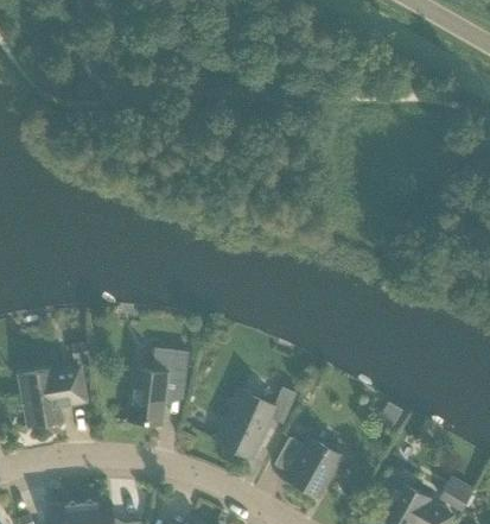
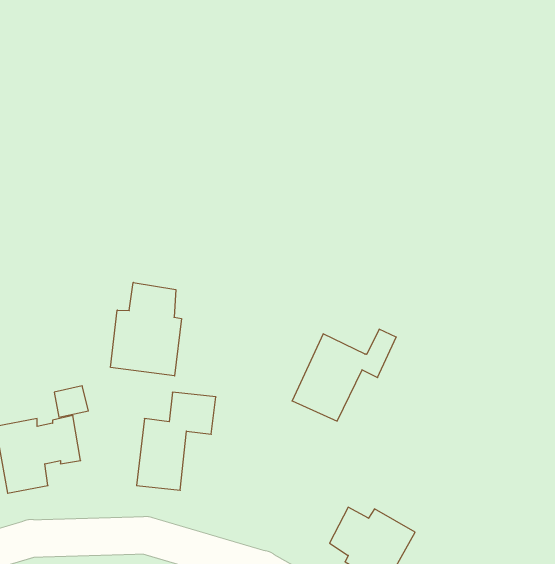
building: none -> [111,282,181,376]
building: [217,387,297,457] -> [292,329,396,421]

